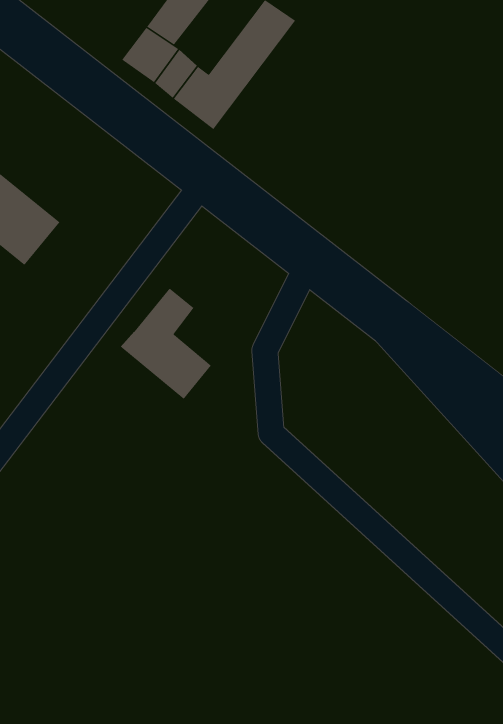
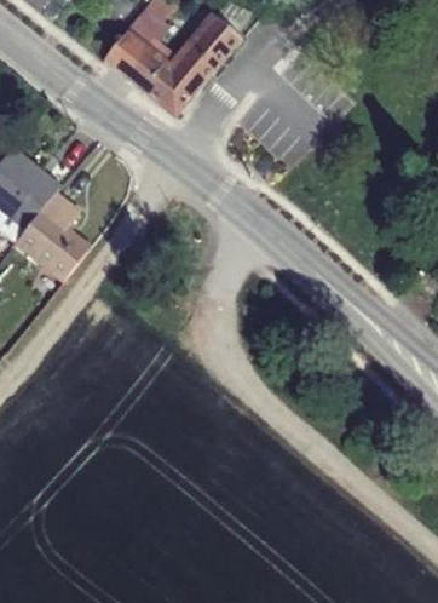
building: [120,287,212,400] -> [17,186,88,274]

